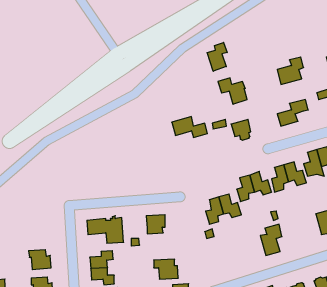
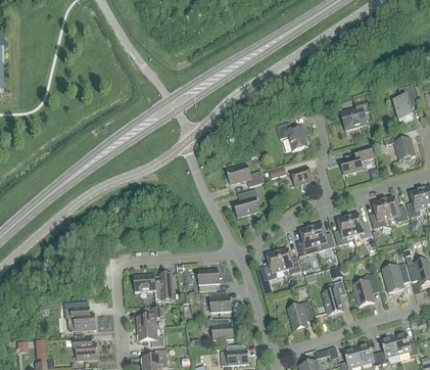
building: [207,42,227,71] -> none
building: none -> [235,188,259,216]
building: none -> [353,273,378,306]
building: none -> [209,291,231,312]
building: none -> [288,299,314,328]

